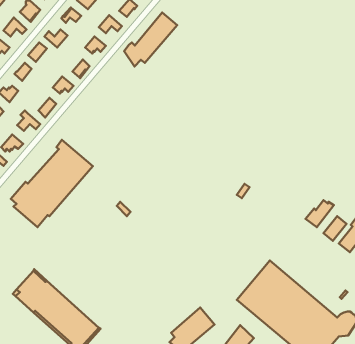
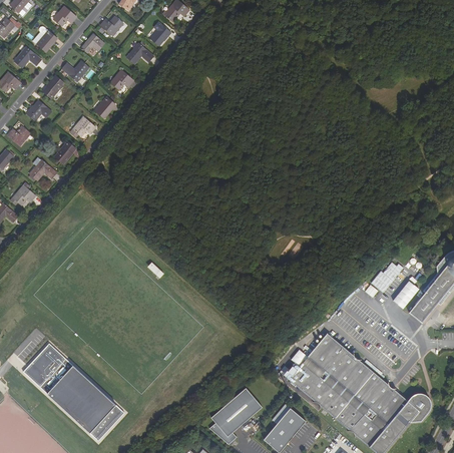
building: [124,13,177,67] -> none
building: [11,140,93,227] -> none

